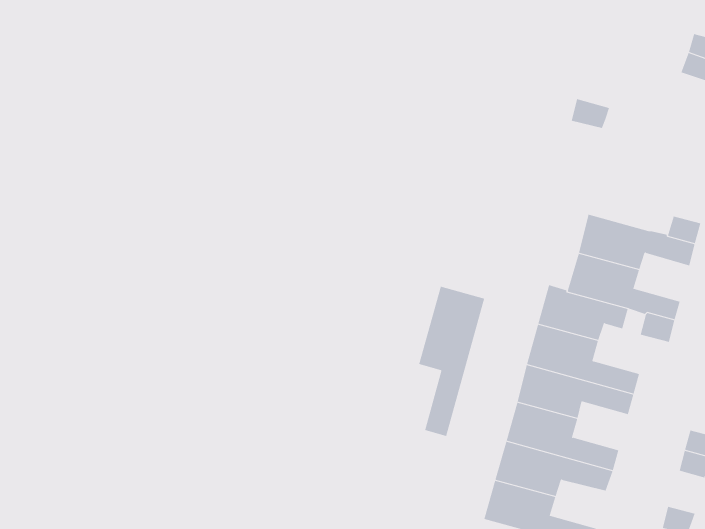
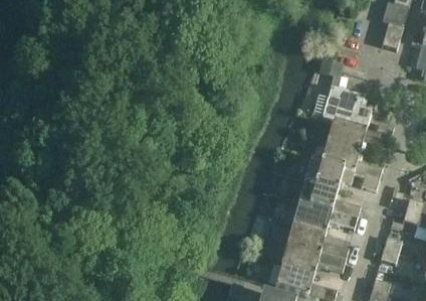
building: none -> [311,86,371,129]
building: [419,286,485,437] -> none

